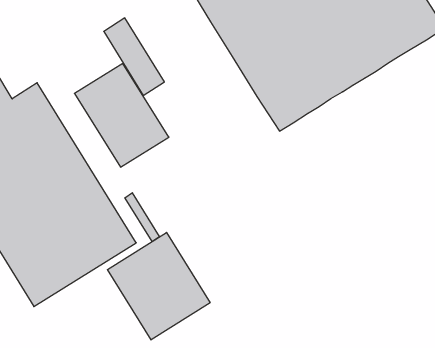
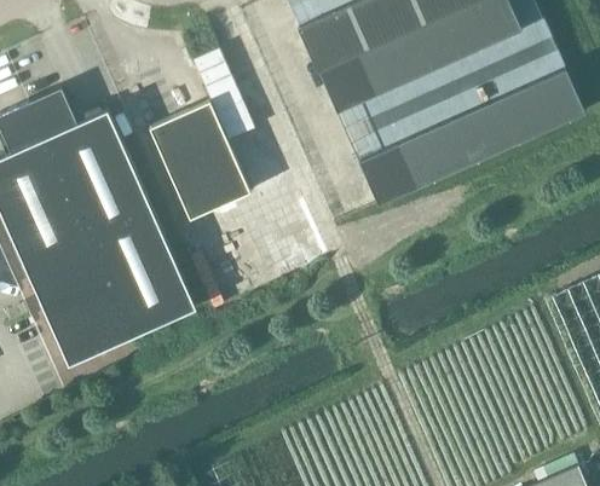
building: [107,232,210,340] -> none

